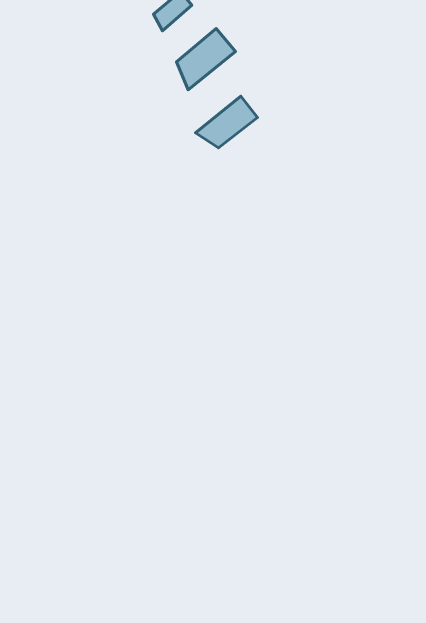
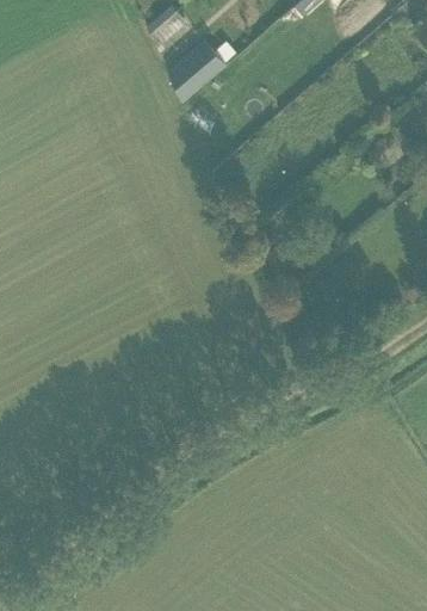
building: [196,96,257,148] -> none

